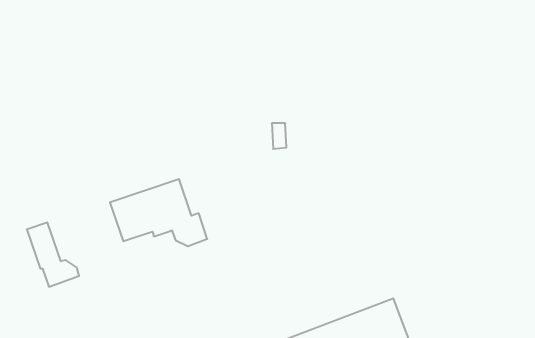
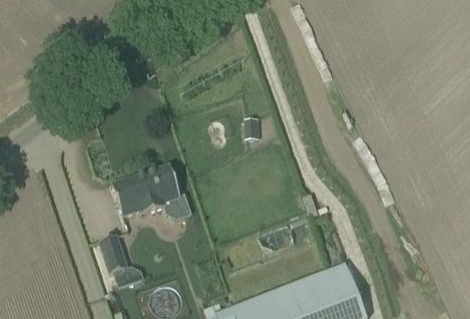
building: [27,222,79,287] -> [99,234,142,287]

